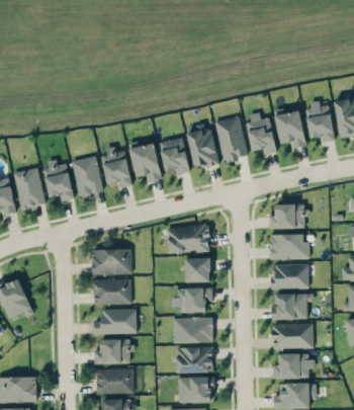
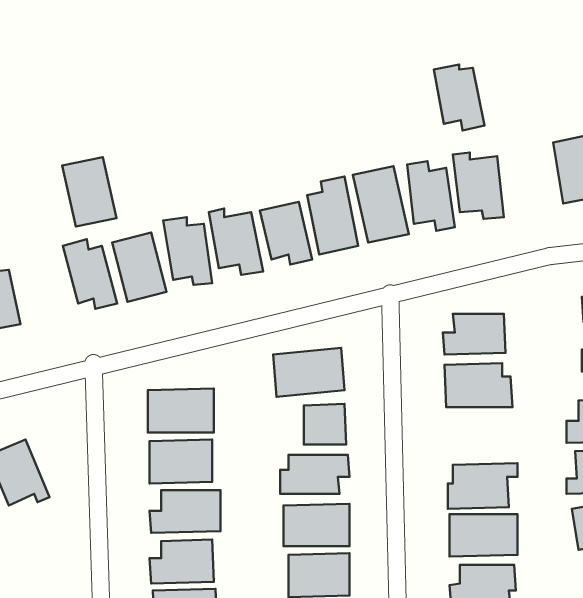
building: [304,102,335,142] -> [434,64,485,131]
building: [13,167,46,209] -> [62,157,116,227]
building: [271,263,308,289] -> none

